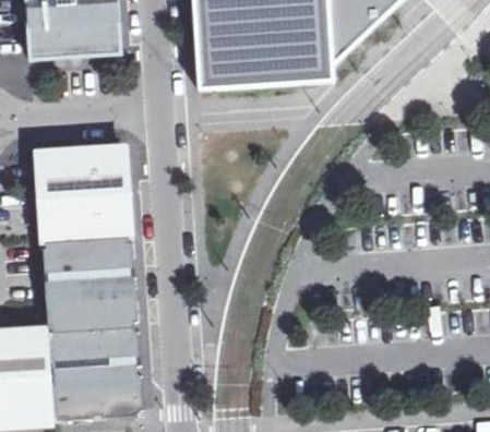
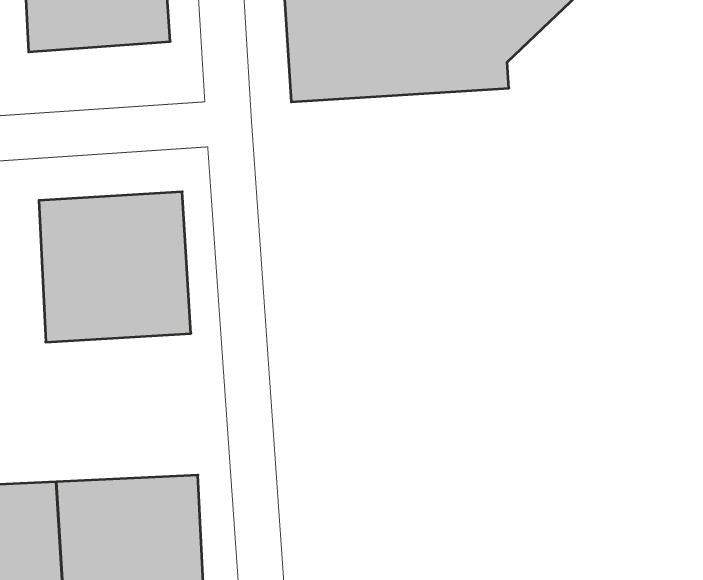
building: [40,232,136,326] -> none

